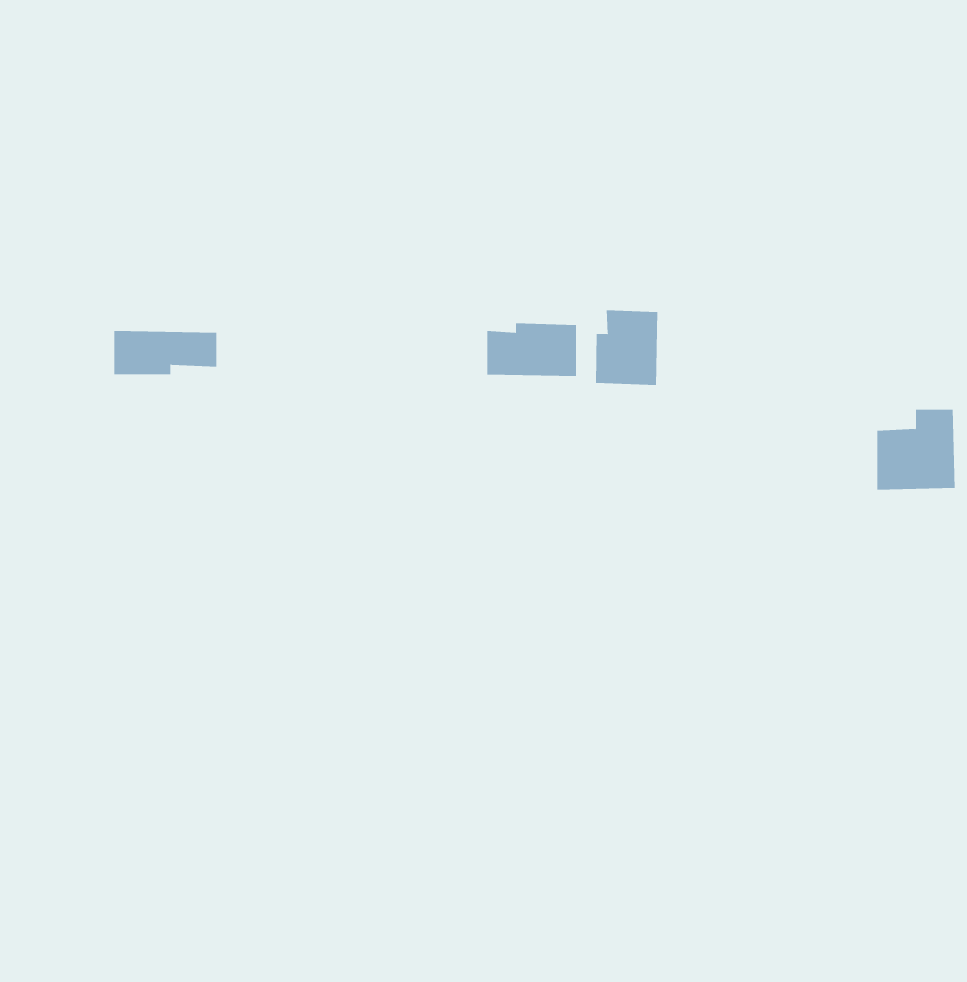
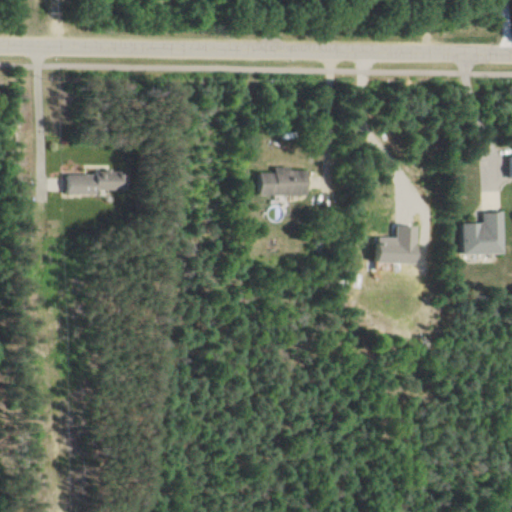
building: [596,310,658,386] -> none
building: none -> [373,226,414,265]

